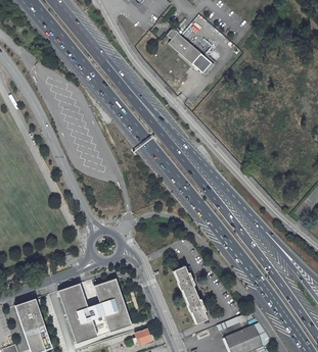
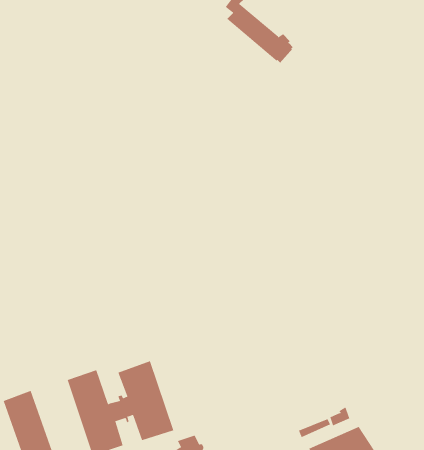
building: [173,264,207,322] -> none

